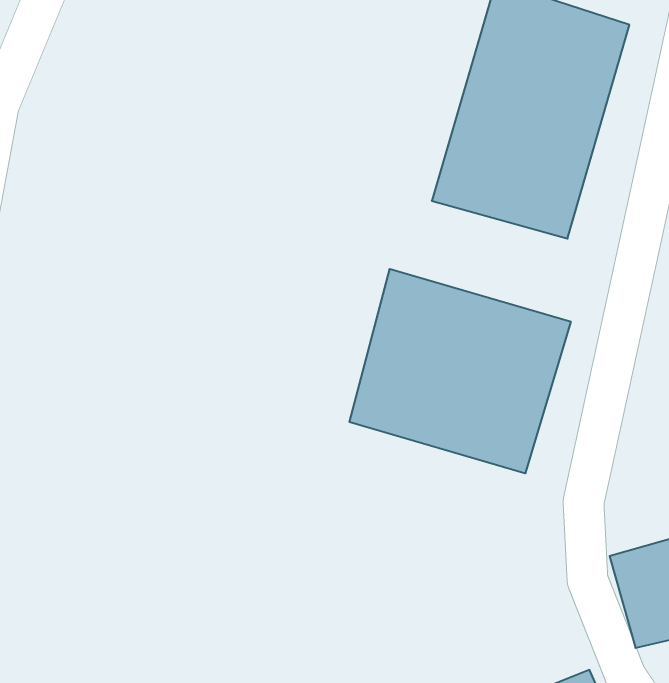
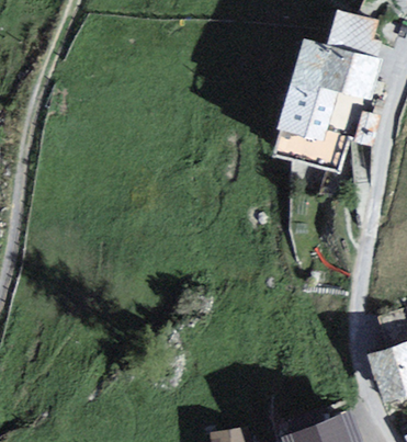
building: [349,269,571,473] -> none

